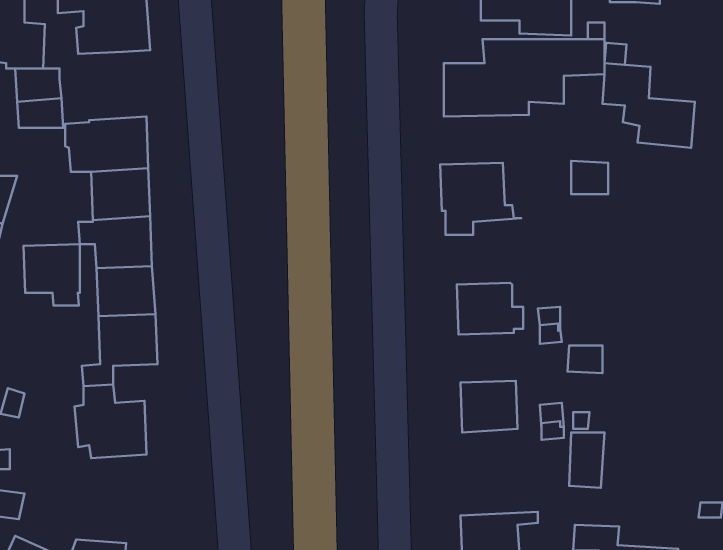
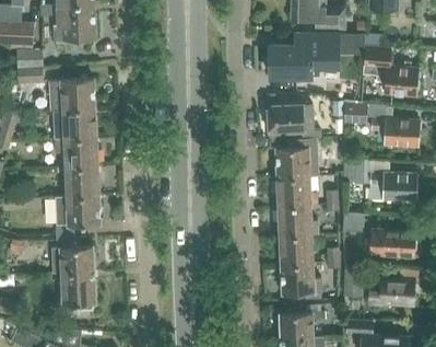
building: none -> [370,117,419,147]
building: none -> [275,138,317,177]
building: [23,244,80,305] -> none
building: none -> [343,160,415,200]
building: none -> [278,206,318,235]
building: none -> [369,230,414,256]
building: none -> [280,263,320,294]
building: none -> [60,278,95,311]
building: none -> [368,279,413,304]

